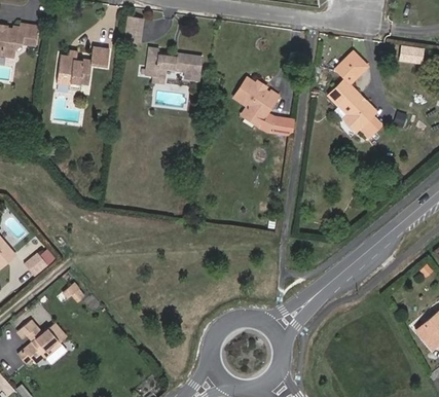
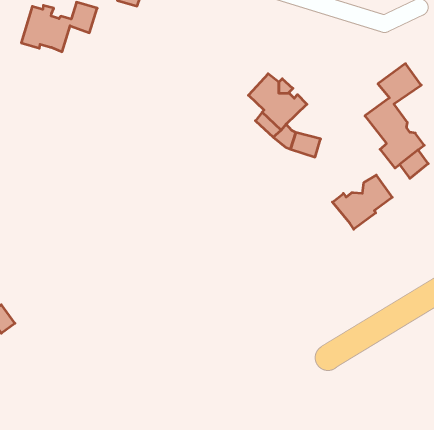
building: [147,45,202,77] -> none
building: none -> [332,175,392,229]

